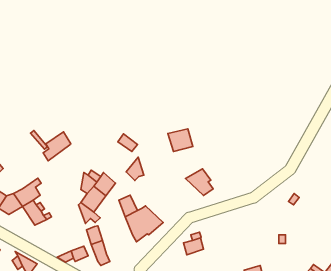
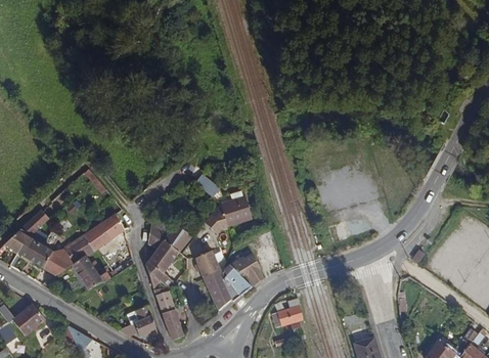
building: [168,129,193,151] -> [220,197,252,226]
building: [43,132,71,161] -> [90,215,125,252]
building: [186,169,213,195] -> [229,253,264,286]

